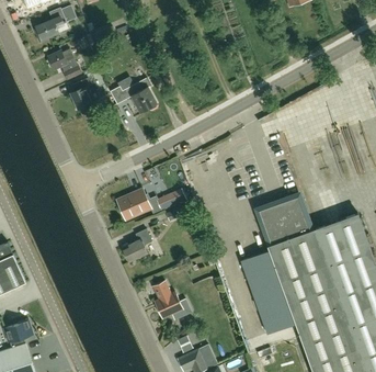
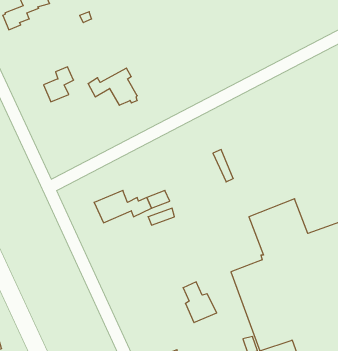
building: [46,48,82,80] -> none
building: [122,228,151,262] -> none
building: [152,280,183,317] -> [183,282,217,323]

